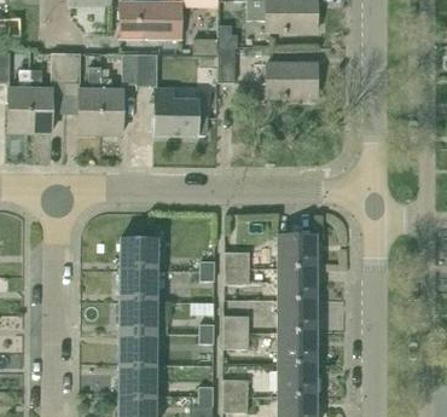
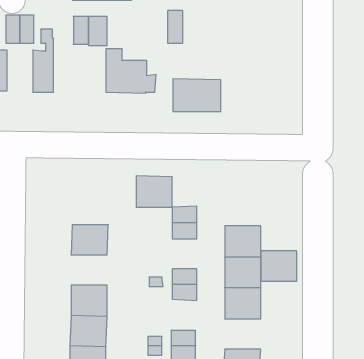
building: [267,64,317,98] -> [173,79,221,111]
building: [100,77,122,133] -> none
building: [120,238,157,271] -> [136,176,172,207]
building: [278,241,315,272] -> [261,251,297,281]
building: [118,302,156,334] -> none
building: [278,369,315,400] -> none

